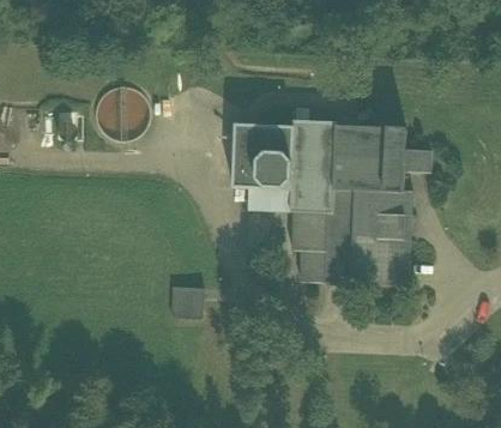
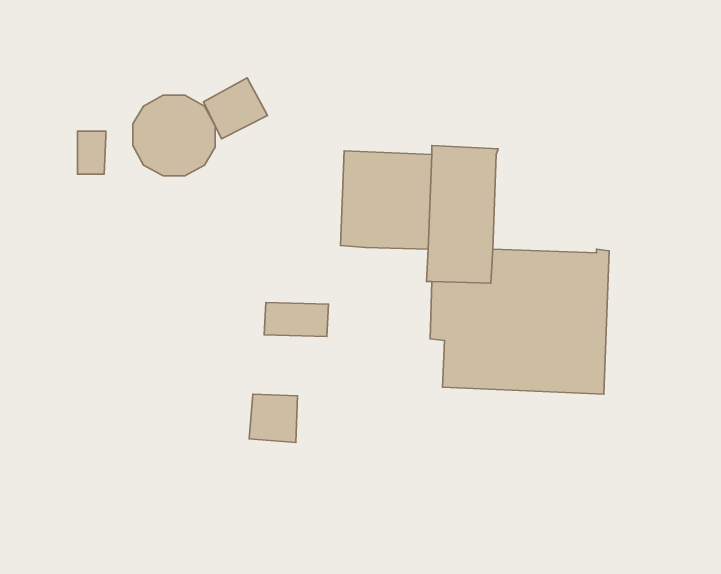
building: none -> [204,78,268,139]
building: [333,125,430,191] -> none
building: [247,187,290,210] -> [264,303,329,337]

